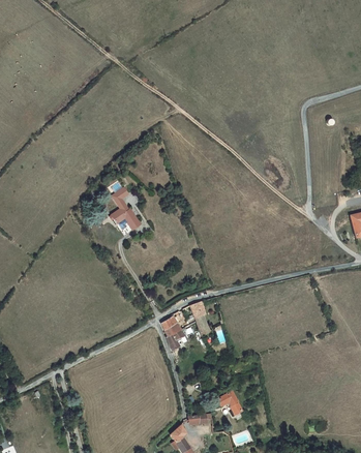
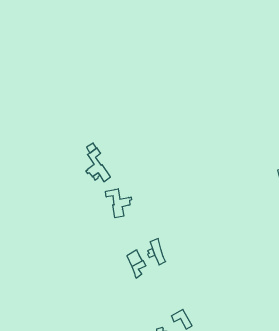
building: none -> [105,189,131,218]

